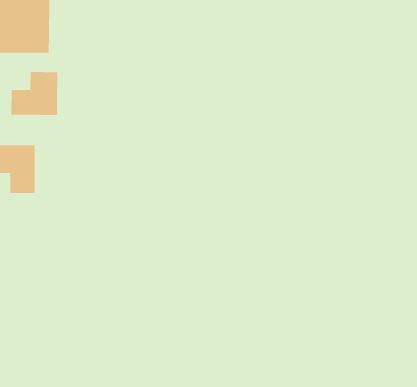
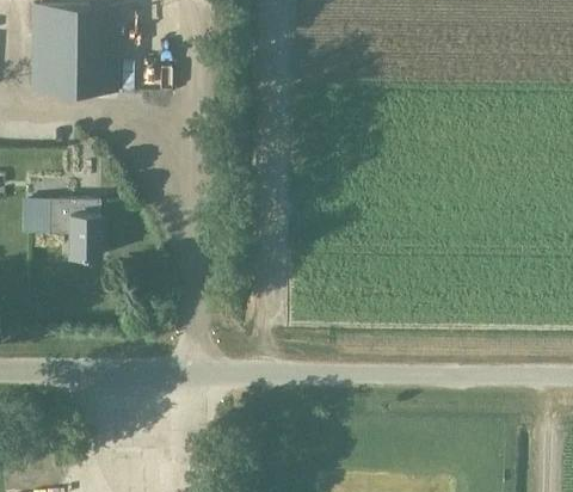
building: [10,71,58,116] -> none

